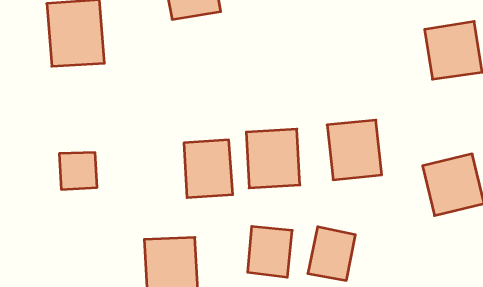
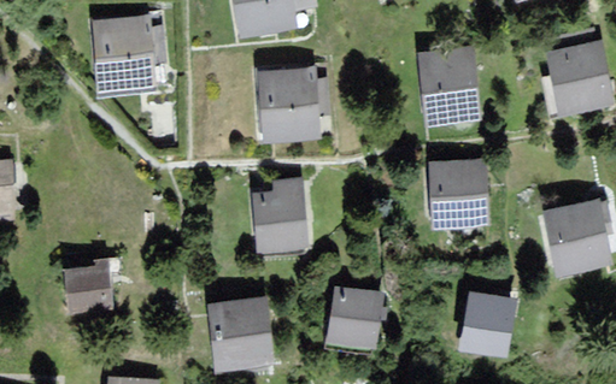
building: none -> [418,52,482,125]
building: [246,129,300,188] -> [257,70,322,141]
building: [59,153,97,189] -> [61,265,107,309]
building: [308,227,355,280] -> [464,289,522,354]

